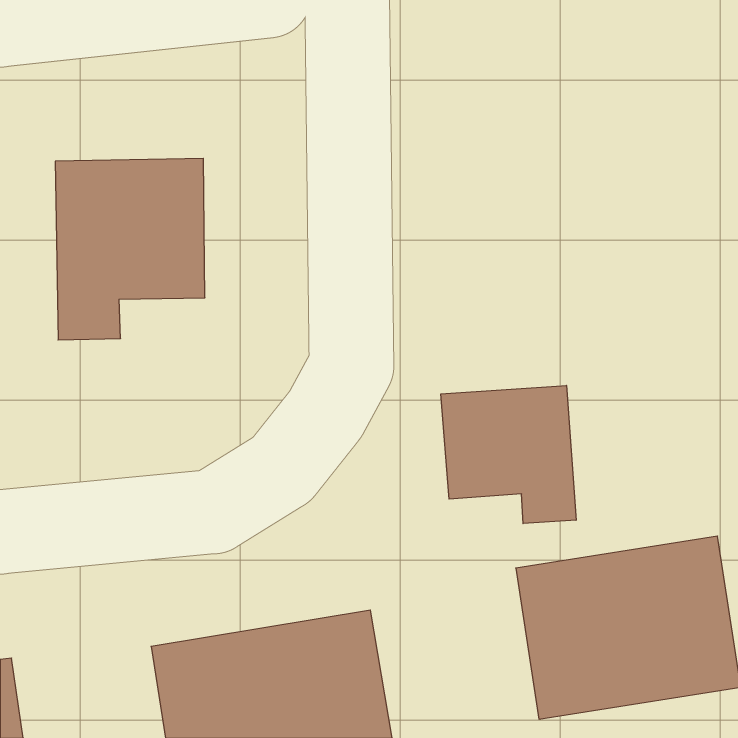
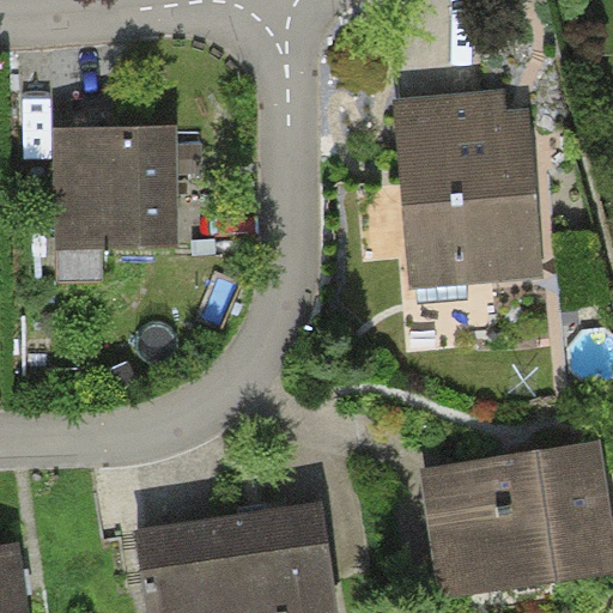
building: none -> [399,95,547,287]
building: [441,385,576,524] -> none

